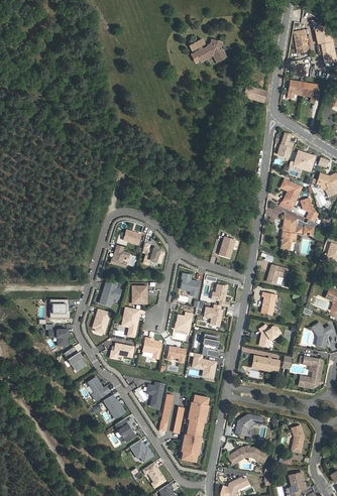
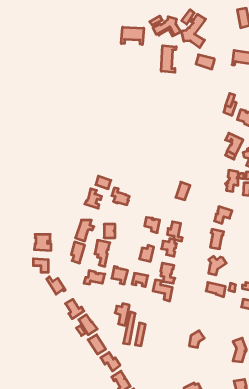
building: none -> [182,10,206,48]
building: none -> [121,27,144,45]
building: none -> [161,46,176,72]
building: [179,393,207,462] -> none
building: [228,448,267,465] -> none

